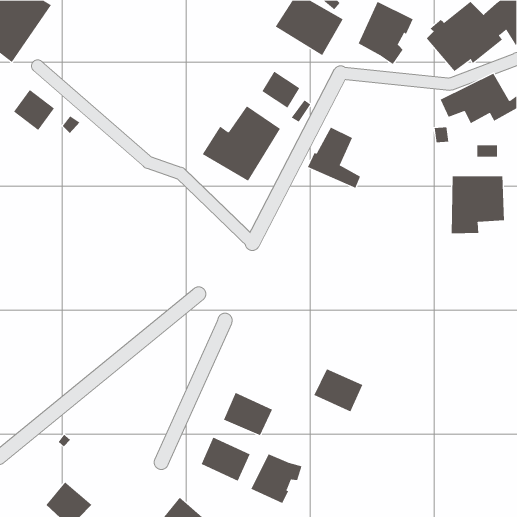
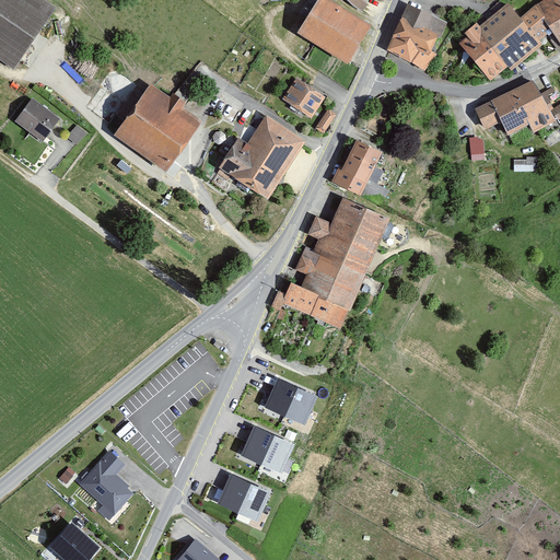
building: none -> [114,82,202,171]
building: [451,175,504,234] -> none
building: none -> [270,196,389,328]
building: [313,369,363,412] -> [264,377,317,424]
building: none -> [80,451,133,521]
building: [250,454,302,504] -> none

